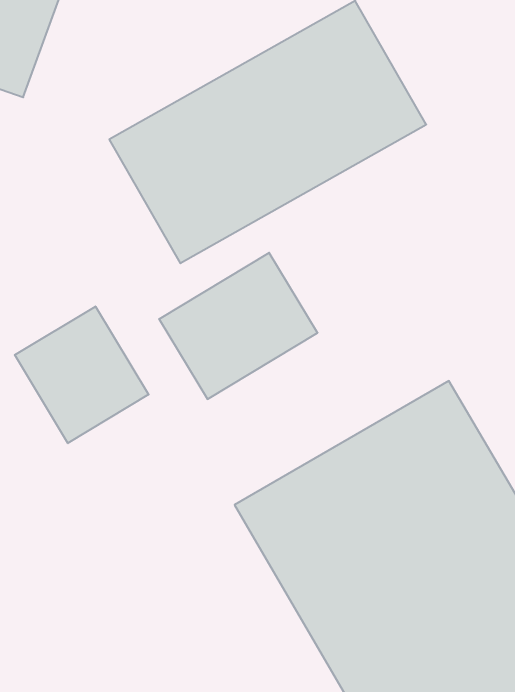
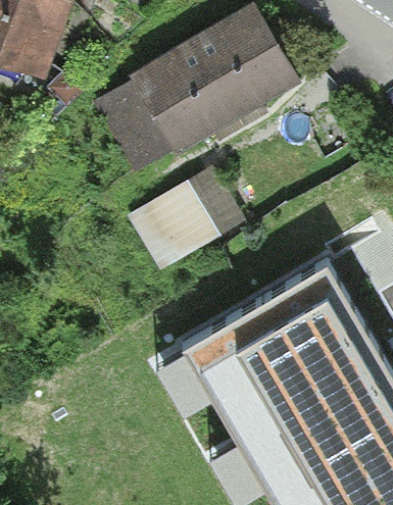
building: [15,306,149,443] -> none

